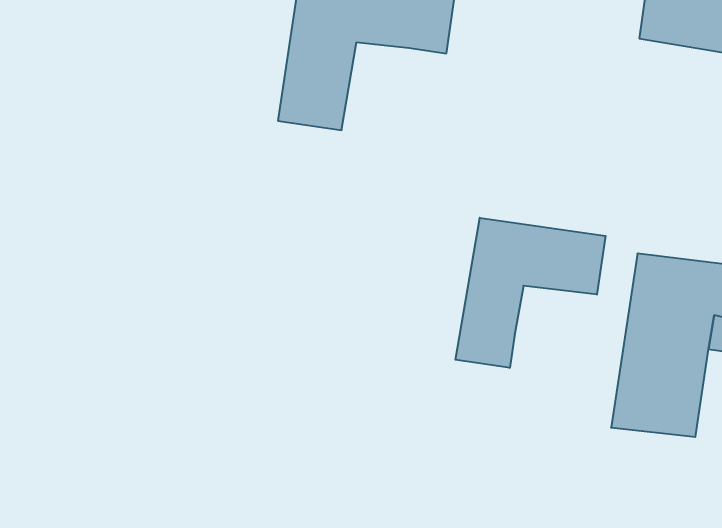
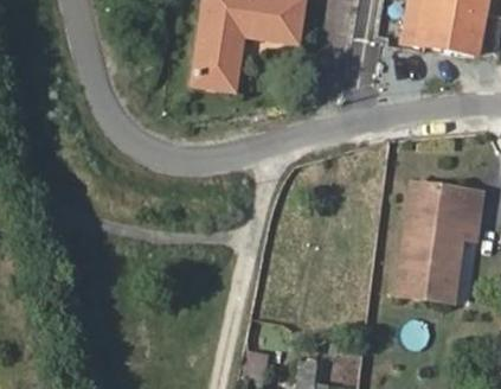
building: [455,218,606,368] -> none

